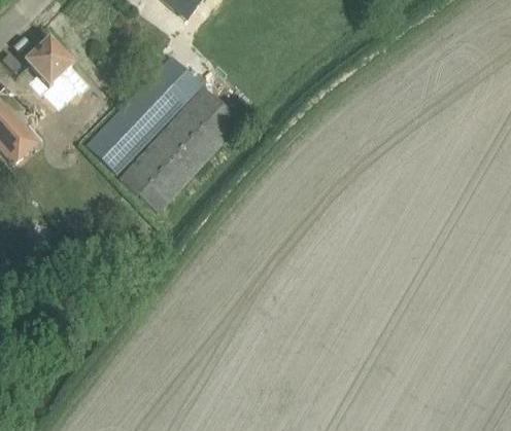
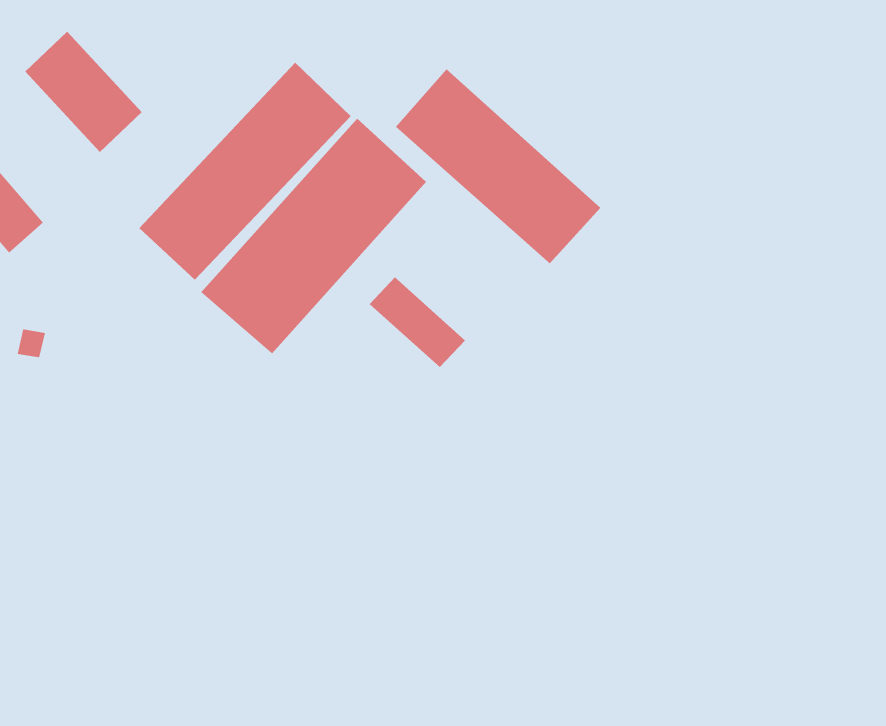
building: none -> [395,68,601,264]
building: none -> [369,276,466,368]

